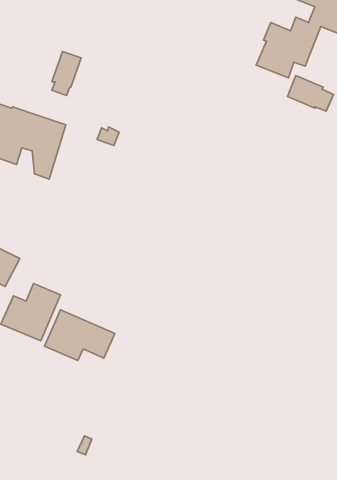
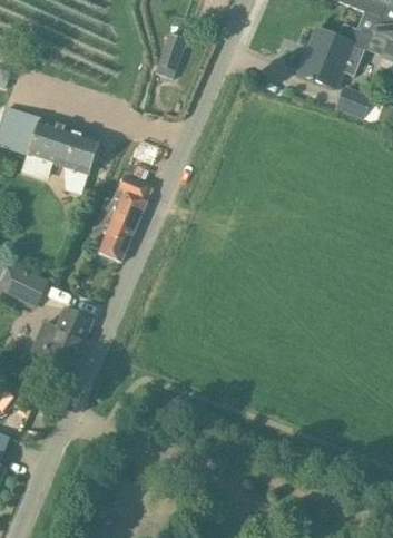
building: [52,52,81,95] -> [156,32,187,79]
building: none -> [97,173,148,261]
building: [44,310,115,360] -> none

